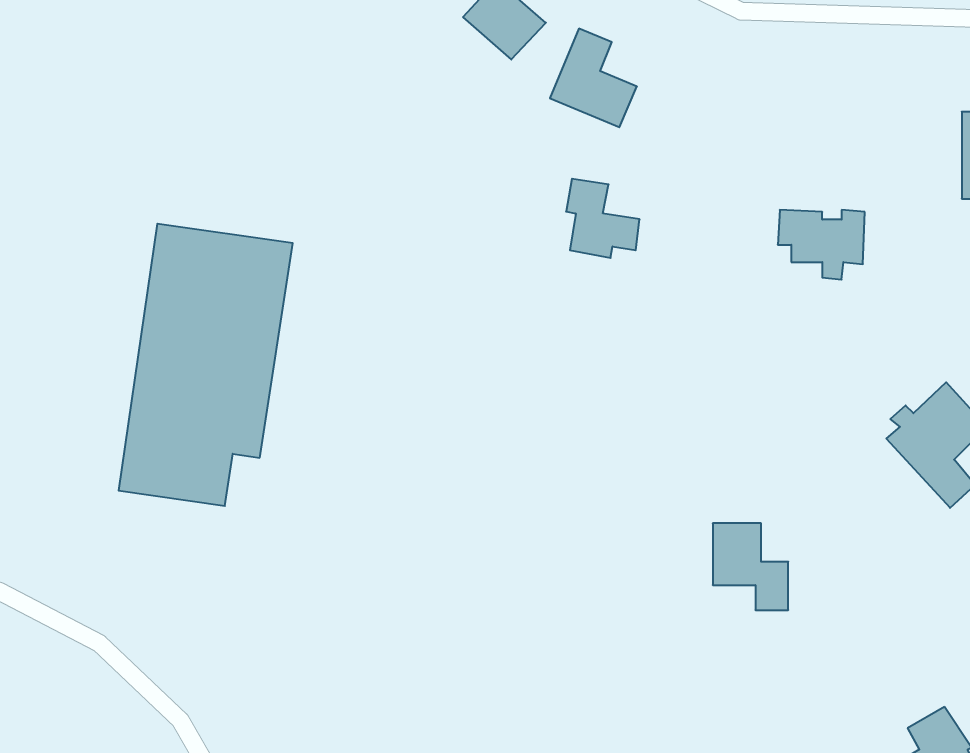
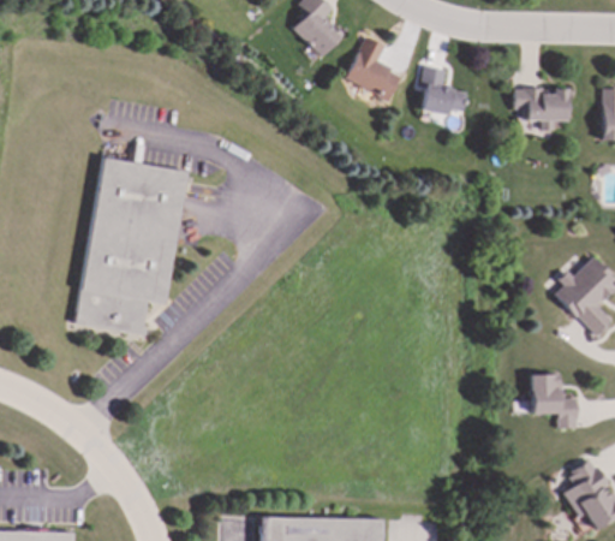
building: [566,179,640,258] -> [419,66,465,115]
building: [778,210,865,280] -> [513,88,567,131]
building: [713,523,788,610] -> [531,375,578,429]

